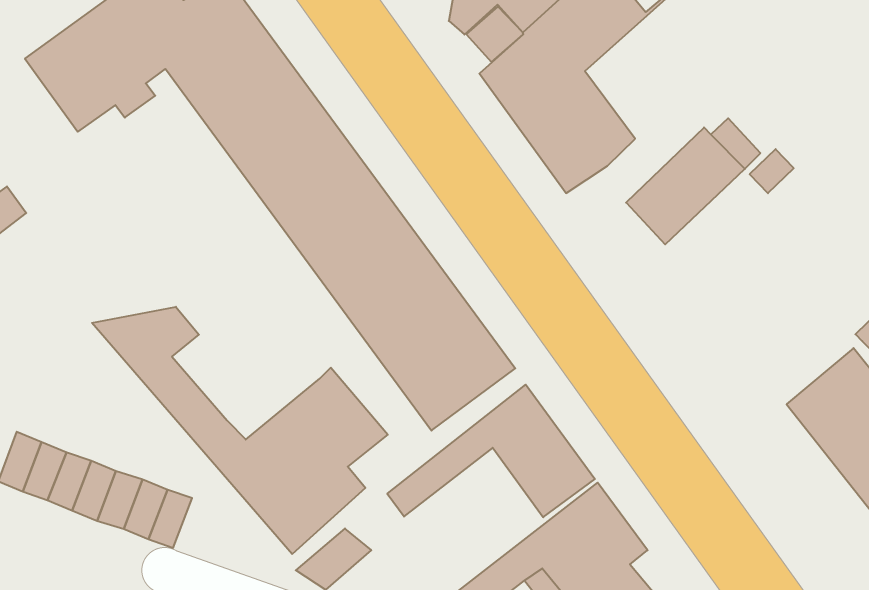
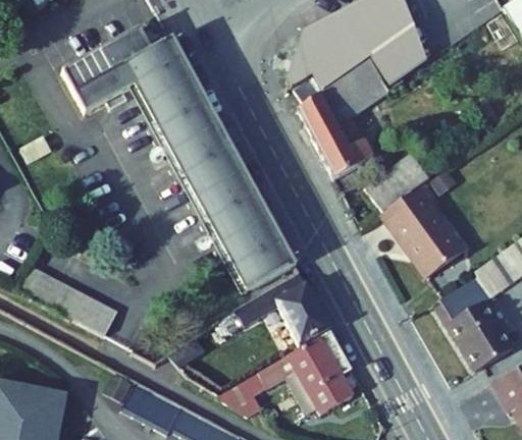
building: none -> [381,182,465,277]
building: [92,307,388,554] -> none

